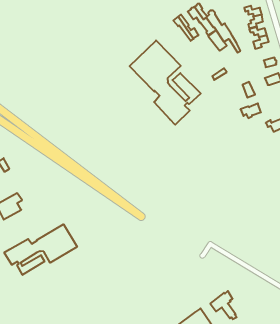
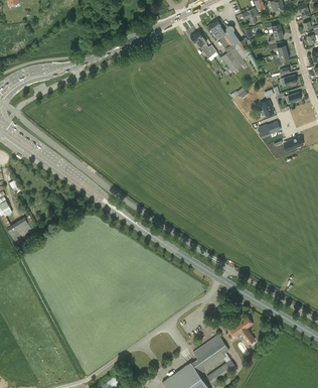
building: [130,40,201,125] -> none
building: [4,224,77,275] -> none

